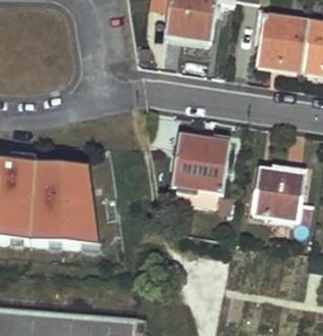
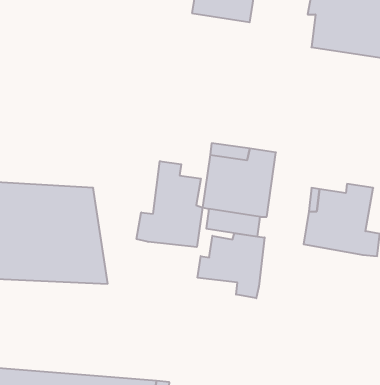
building: none -> [137,161,202,247]
building: none -> [198,233,265,298]

